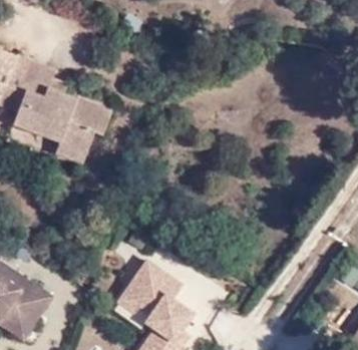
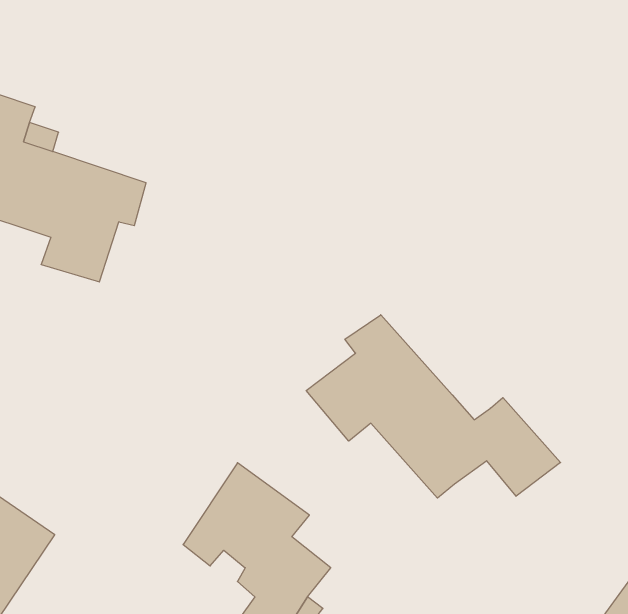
building: none -> [306,315,561,498]

